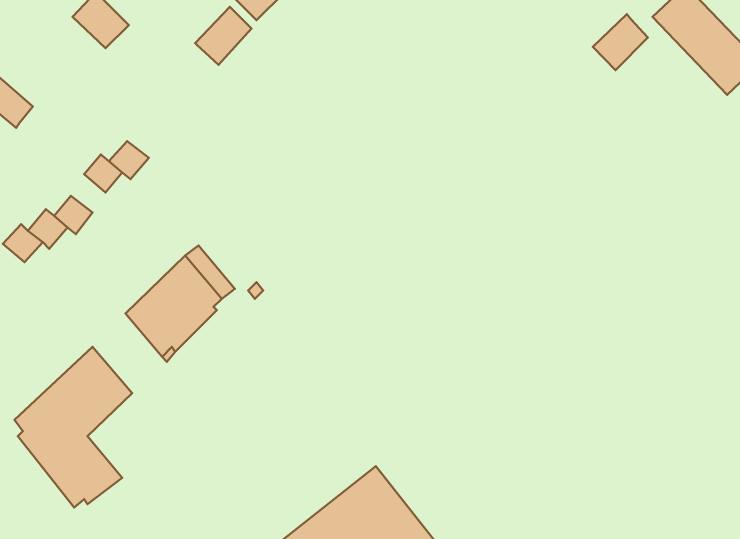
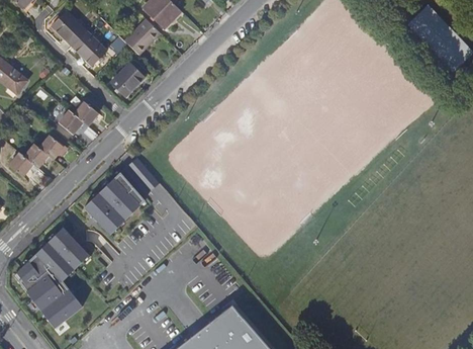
building: [593,14,648,70] -> none
building: none -> [72,31,107,66]
building: none -> [110,63,145,97]

